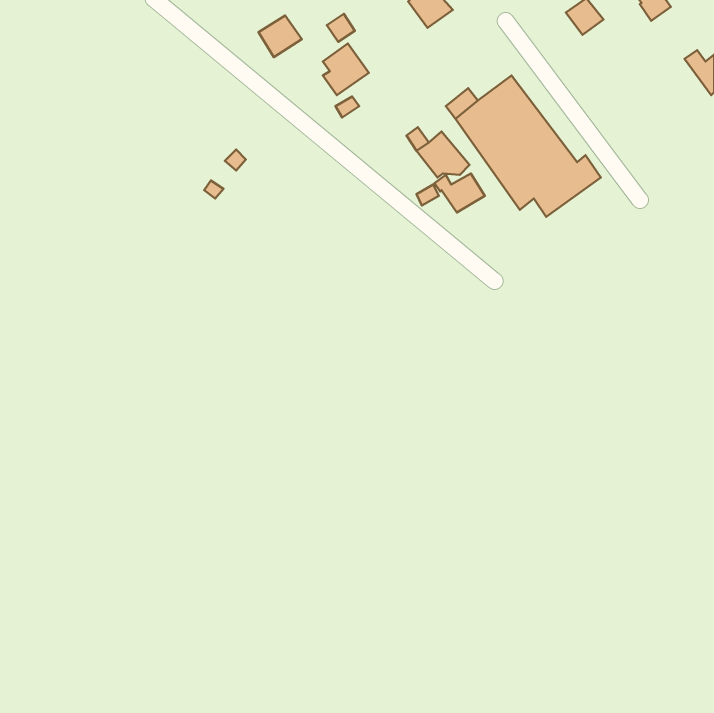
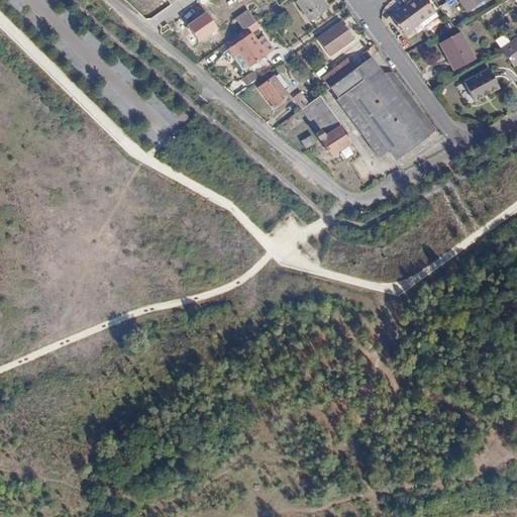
building: none -> [395,9,421,36]
building: none -> [316,20,351,55]
building: none -> [440,34,477,72]
building: none -> [464,72,501,105]
building: none -> [258,74,289,107]

